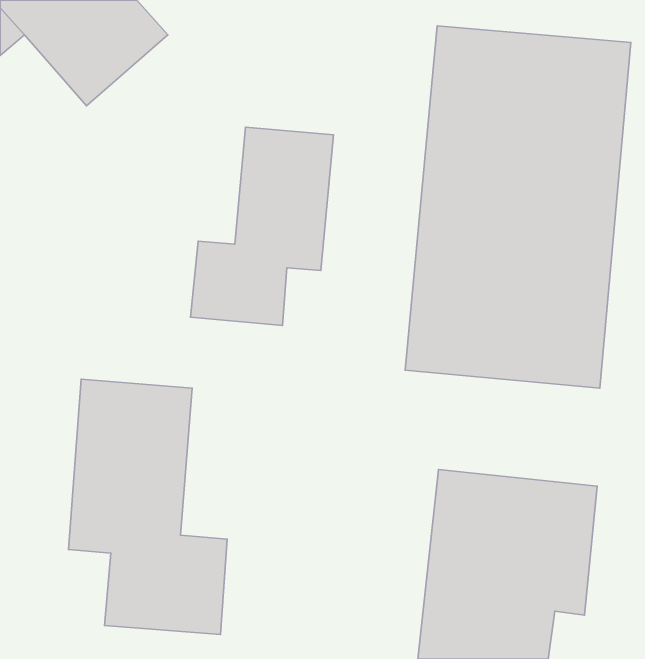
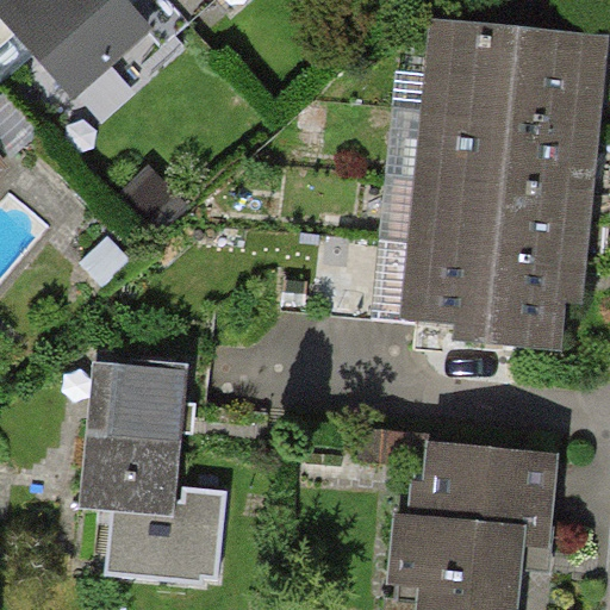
building: [190,127,333,325] -> none

